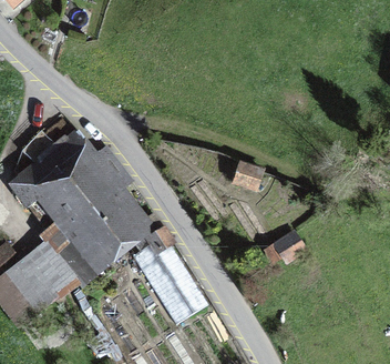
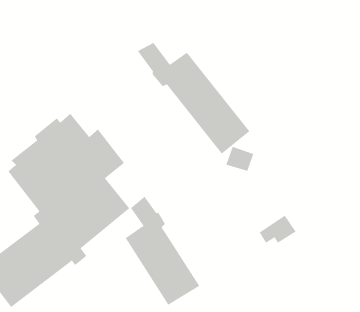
building: none -> [137,42,250,155]

